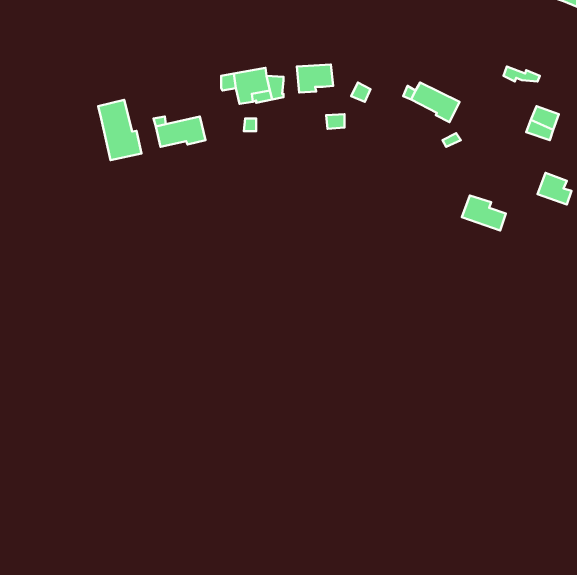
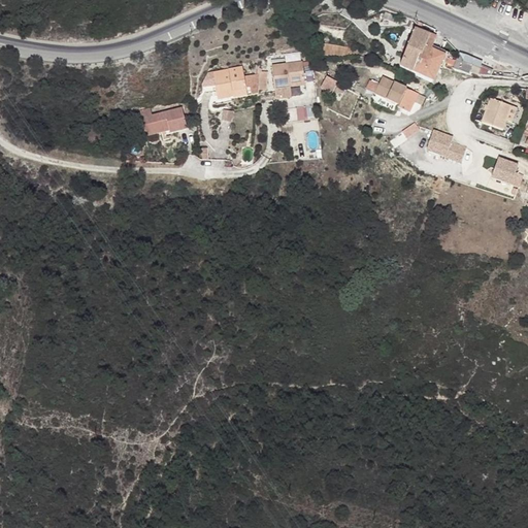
building: none -> [399,27,444,80]
building: [98,100,141,160] -> none
building: [462,196,506,231] -> [426,131,466,163]

